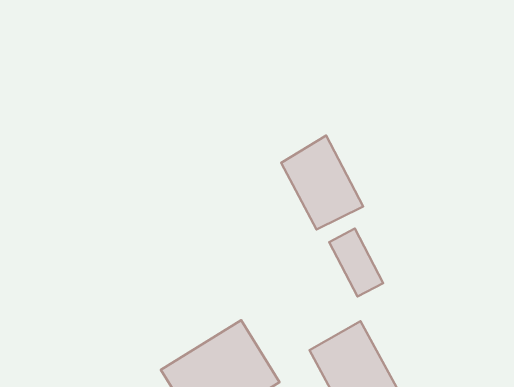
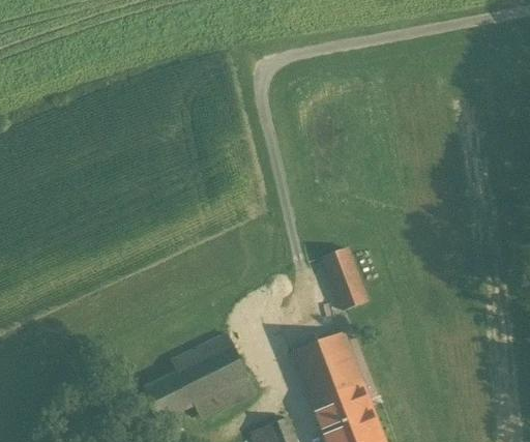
building: [281,135,363,229] -> none

